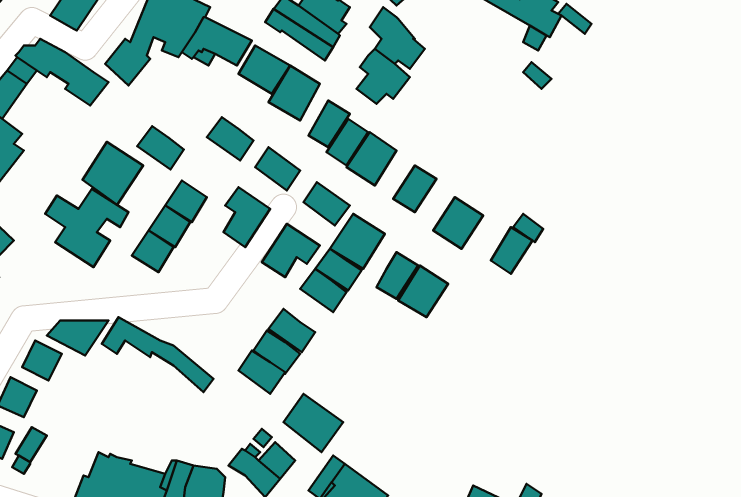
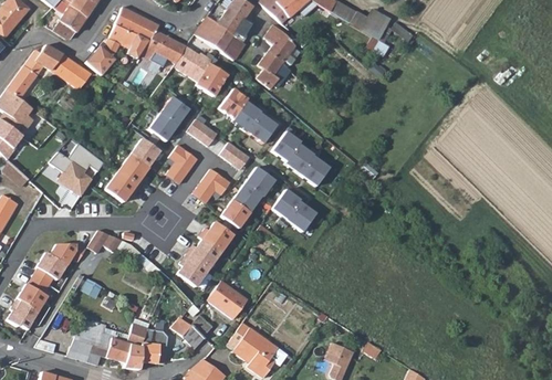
building: [137,126,184,169] -> [146,110,177,139]
building: [82,142,143,205] -> none
building: [491,227,533,274] -> [293,141,321,172]

